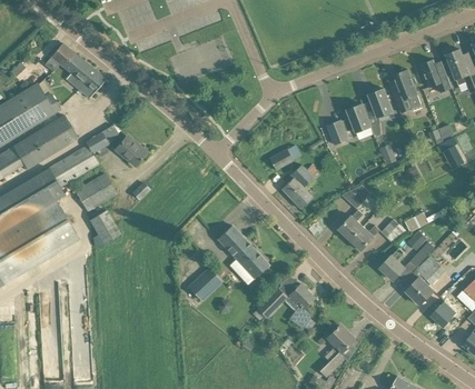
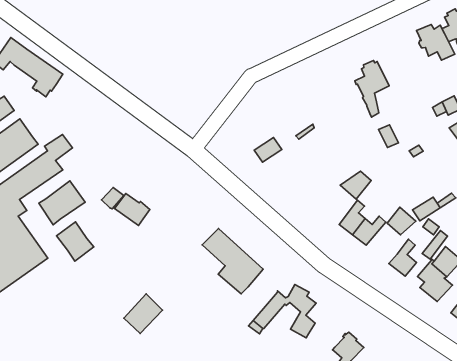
building: [388,70,422,113] -> none
building: [327,102,370,146] -> none
building: [115,137,146,166] -> [114,194,150,225]
building: [280,164,316,209] -> none
building: [187,267,221,301] -> [124,294,162,333]

